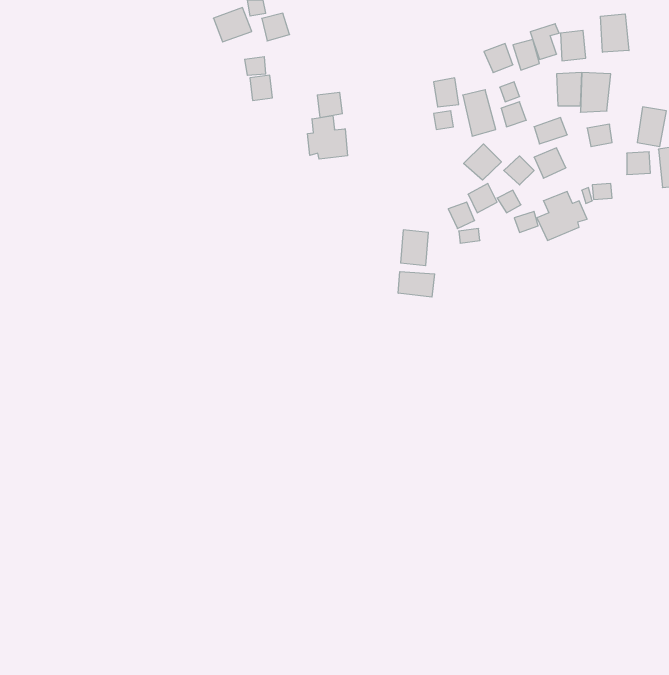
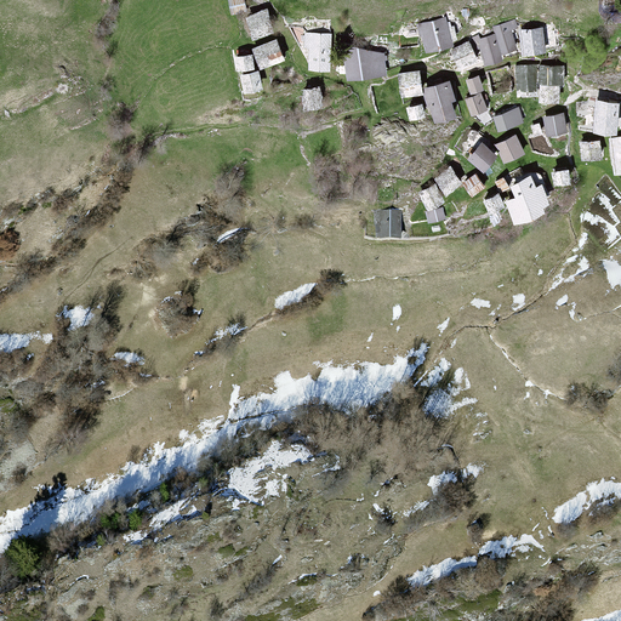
building: [213,8,252,42] -> [250,38,285,69]
building: [601,14,629,52] -> none
building: none -> [418,19,451,50]
building: none -> [306,30,334,70]
building: none -> [346,45,388,79]
building: [308,116,347,159] -> none
building: [464,144,501,180] -> none
building: [398,272,435,297] -> none

